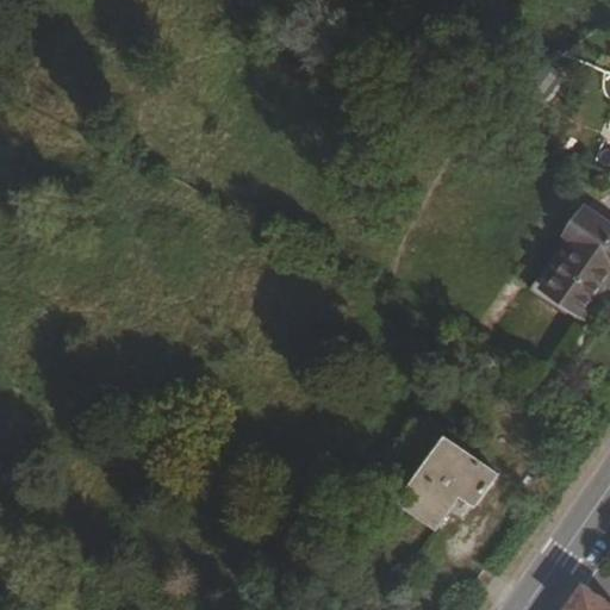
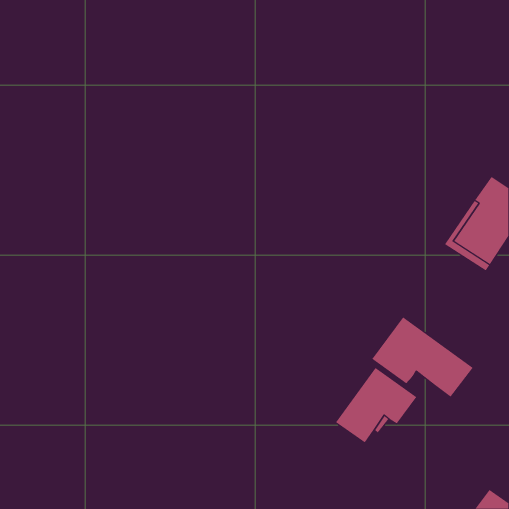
building: none -> [371,316,474,398]

